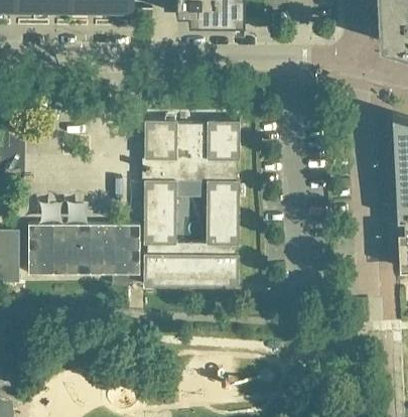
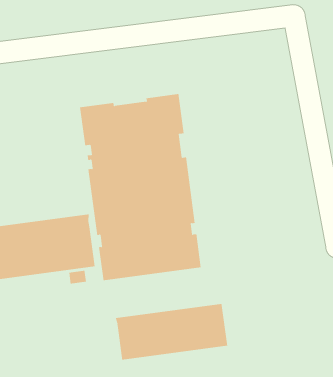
building: none -> [115,303,228,360]

